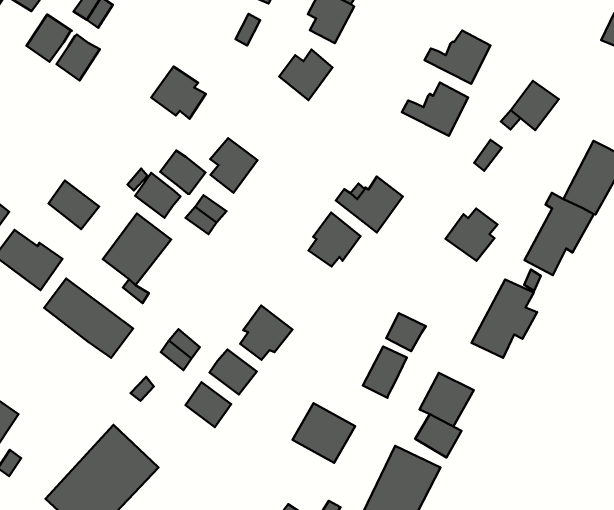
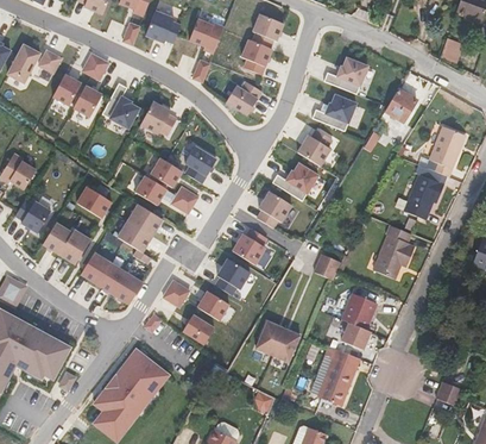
building: none -> [102,83,139,129]
building: [445,208,497,261] -> [297,130,332,165]
building: none -> [233,227,267,264]
building: [363,347,407,398] -> none

